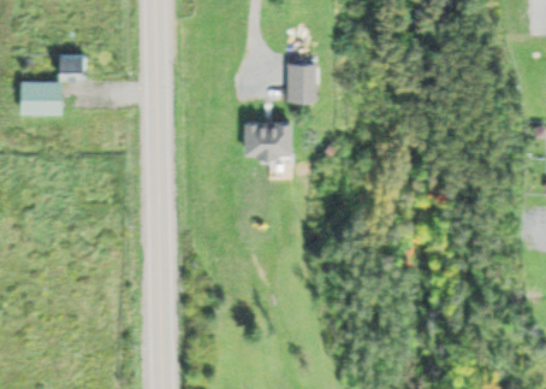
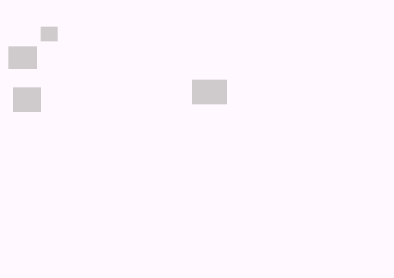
building: [290,66,314,104] -> none
building: none -> [13,86,41,113]

